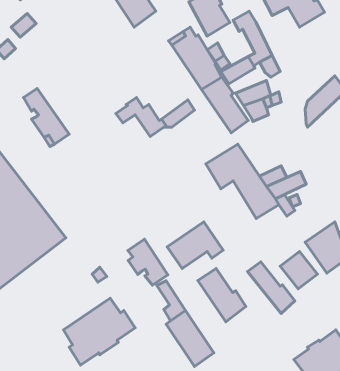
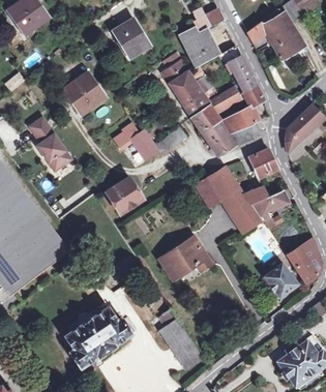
building: none -> [65,74,106,116]
building: none -> [248,149,278,178]
building: none -> [107,178,142,213]
building: [128,239,168,285] -> none
building: [247,262,295,314] -> none
building: [198,269,246,322] -> none

